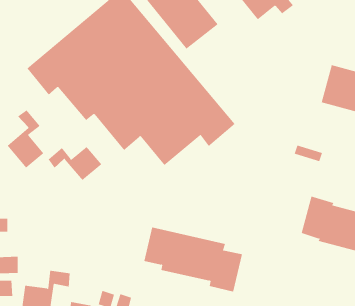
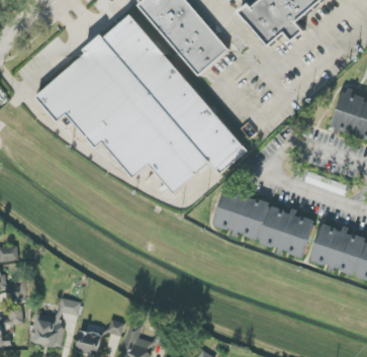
building: [7,110,44,168] -> none
building: [48,146,102,181] -> none
building: [143,227,243,292] -> [214,192,314,258]

